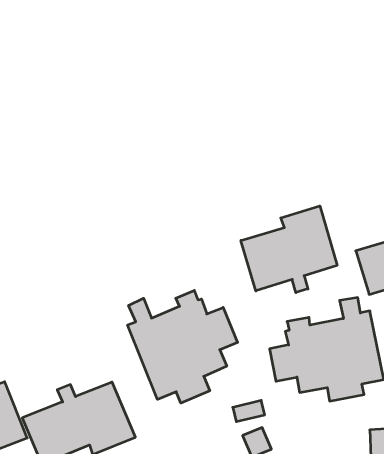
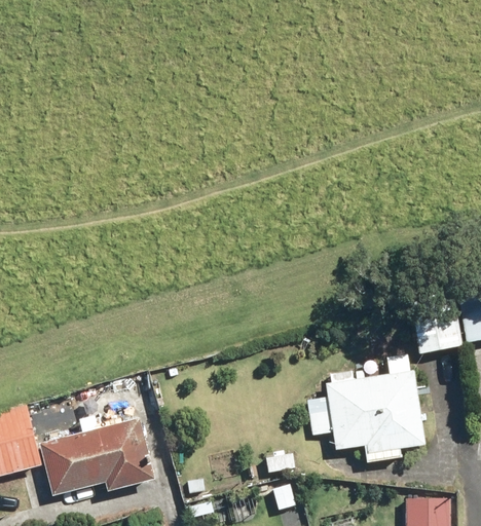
building: [241,206,337,293] -> none
building: [128,290,238,403] -> none

